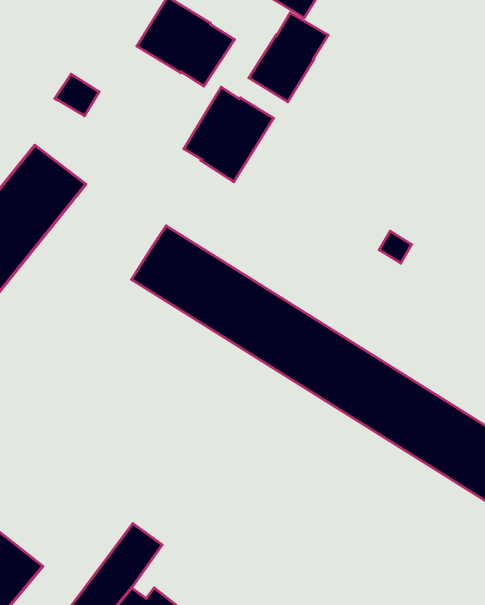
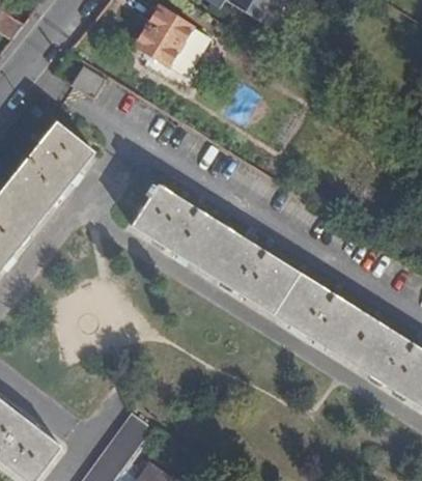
building: [249,13,328,102] -> none
building: [184,87,274,182] -> none

